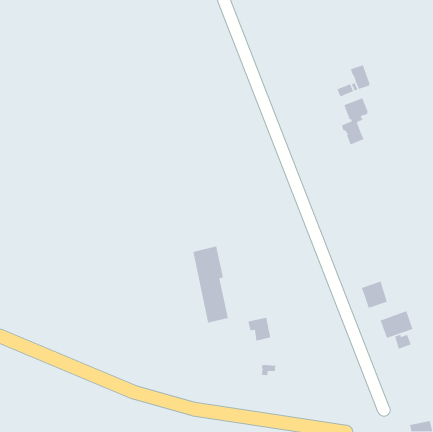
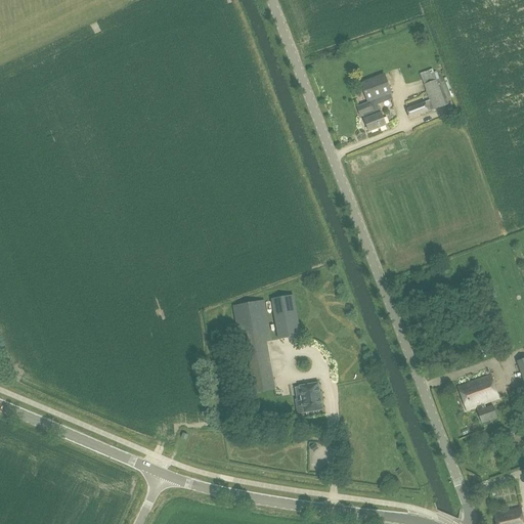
building: [341,97,369,145] -> [357,73,391,131]
building: none -> [268,291,297,334]
building: [361,280,388,309] -> none

